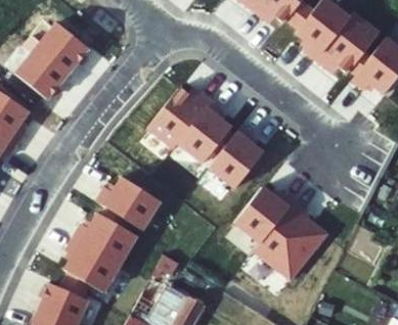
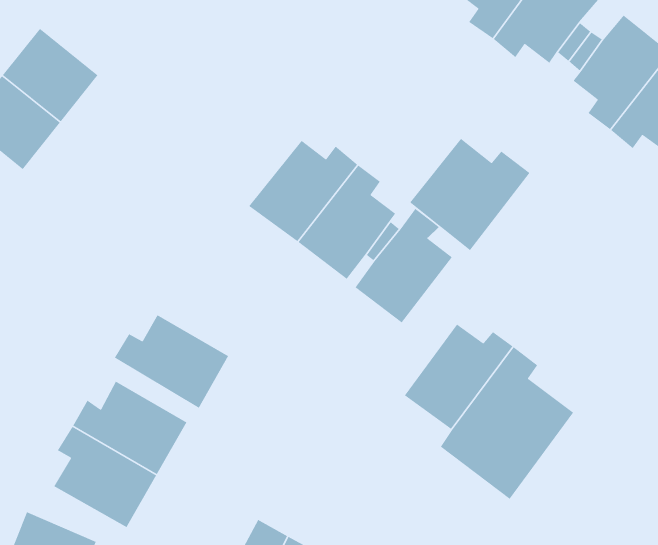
building: none -> [409,138,531,251]

